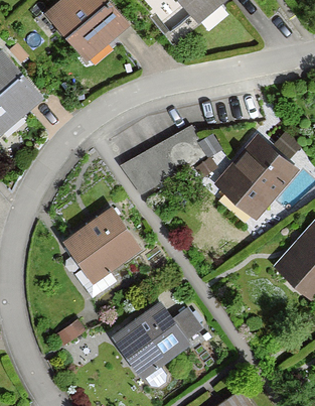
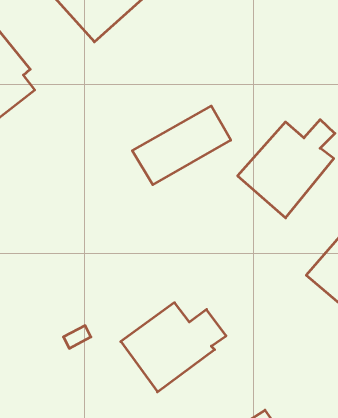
building: [63,208,139,295] -> none

